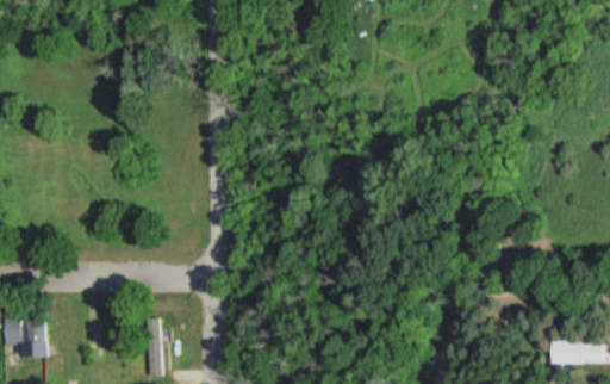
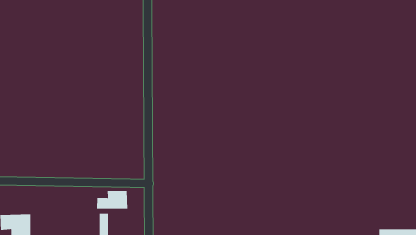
building: none -> [96,190,128,209]

